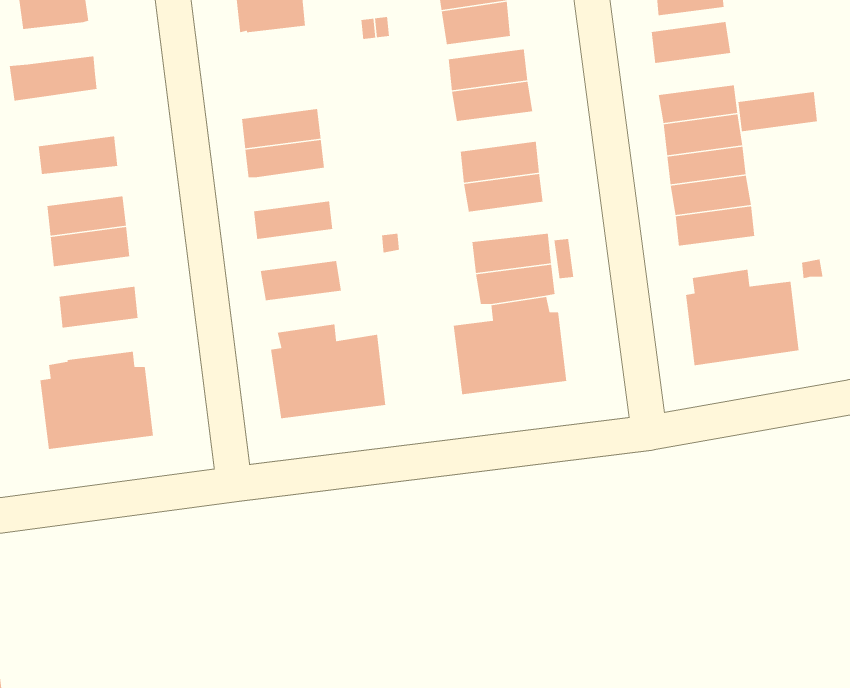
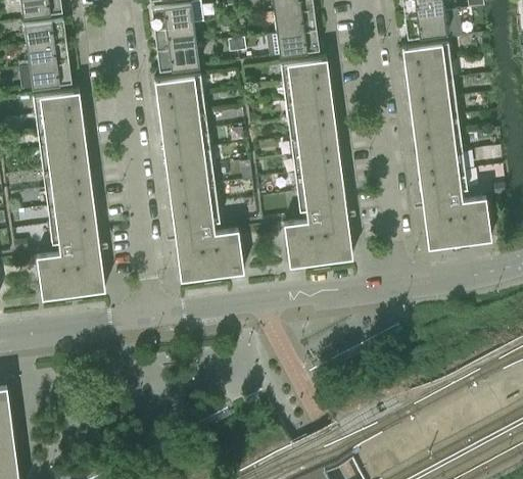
building: none -> [27,44,69,69]
building: none -> [156,47,199,74]
building: none -> [154,77,203,102]
building: [738,91,818,132] -> [405,63,453,88]
building: none -> [34,93,82,118]
building: none -> [286,98,334,122]
building: none -> [38,131,87,154]
building: none -> [161,132,210,157]
building: none -> [293,152,341,176]
building: none -> [167,169,215,193]
building: none -> [419,173,467,198]
building: none -> [45,185,94,208]
building: none -> [172,205,220,230]
building: none -> [50,222,98,246]

